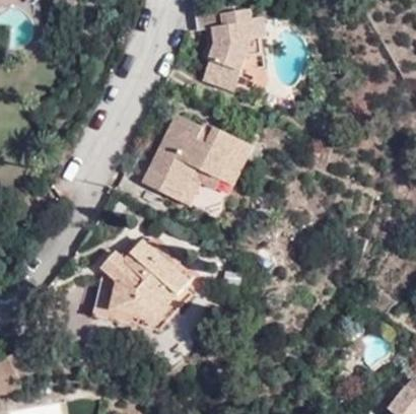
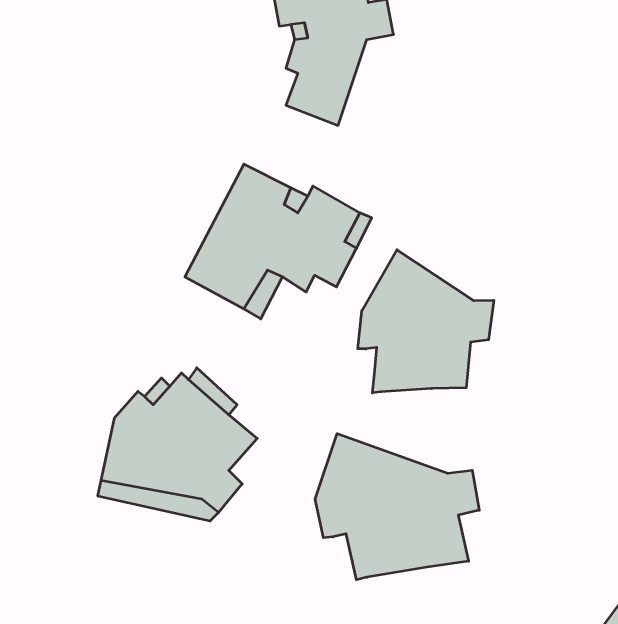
building: none -> [358,250,494,393]
building: none -> [315,434,479,580]

